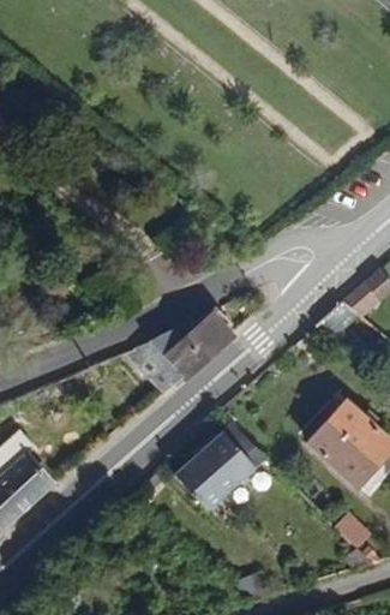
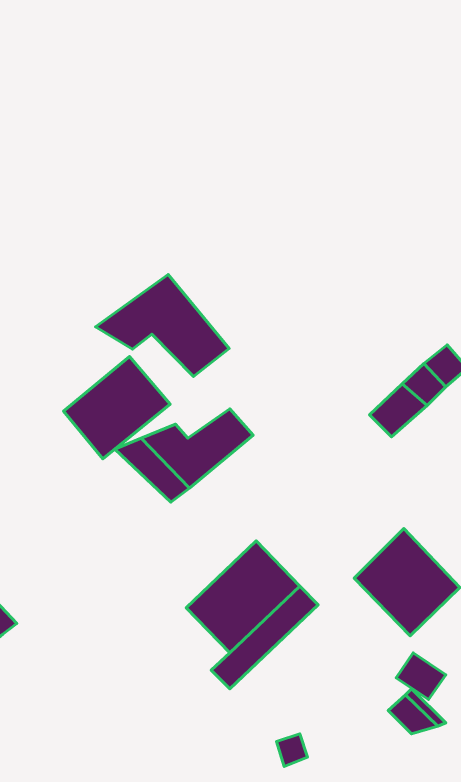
building: none -> [96,275,229,376]
building: none -> [64,356,170,459]

